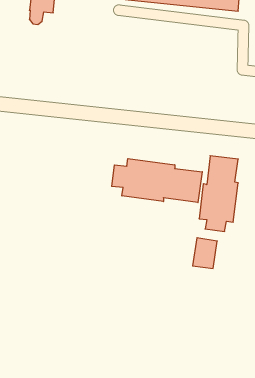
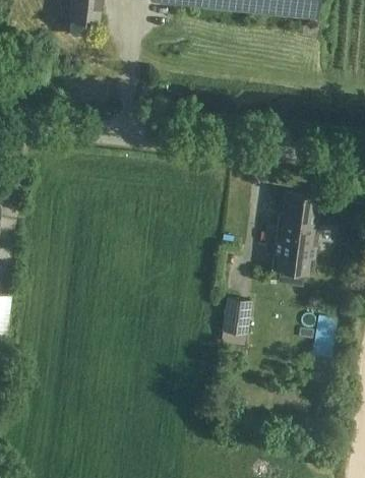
building: [112,159,202,203] -> none
building: [193,238,217,268] -> [221,296,250,333]

